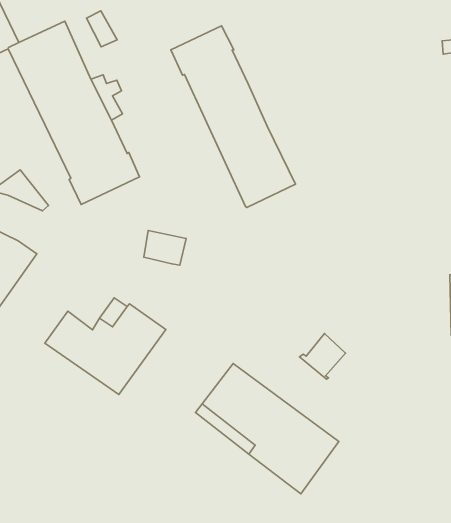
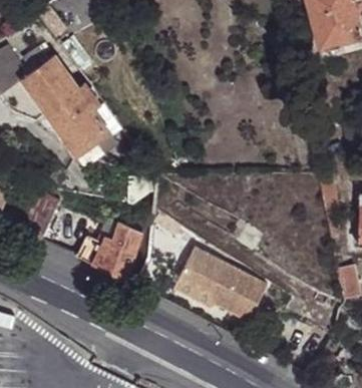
building: [171,26,296,208] -> none

